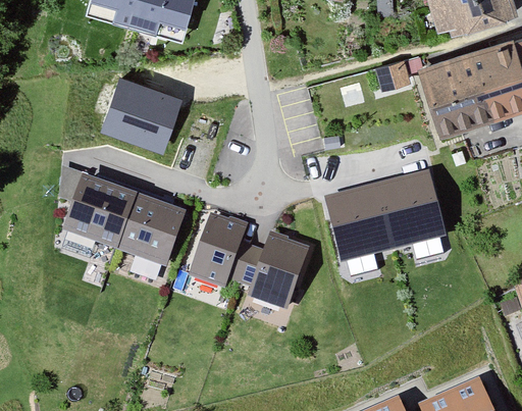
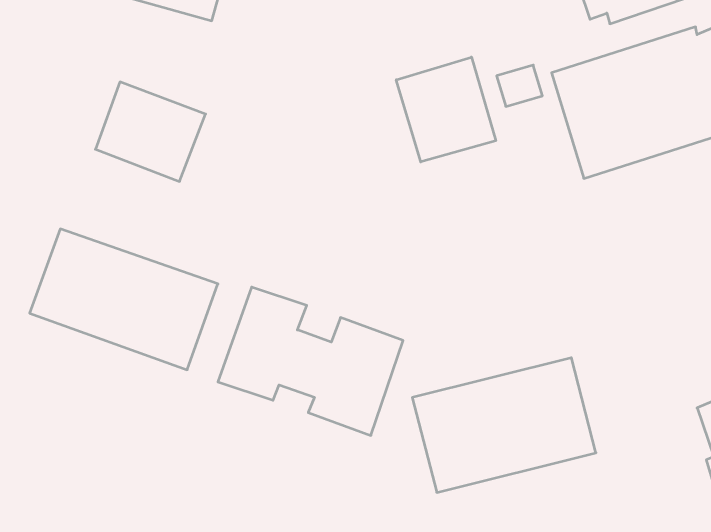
building: none -> [396,57,496,162]
building: [327,171,450,261] -> [412,358,596,492]

